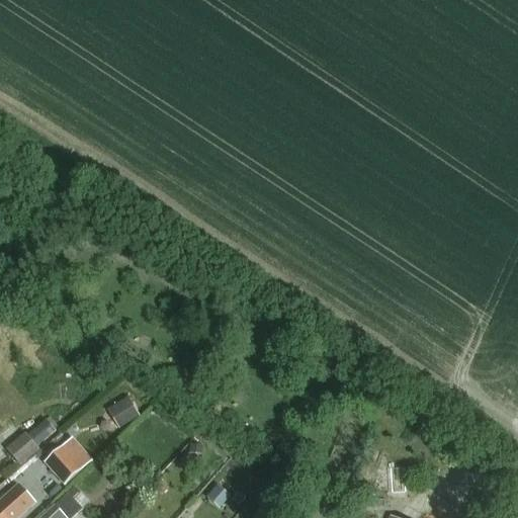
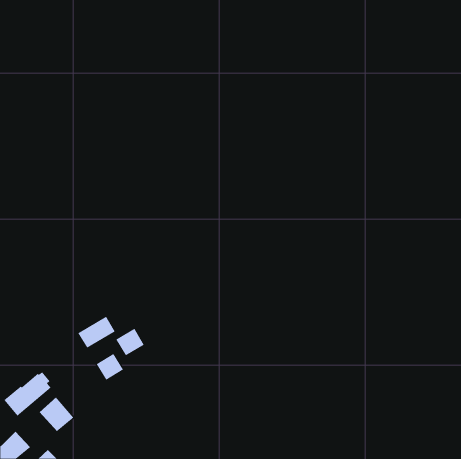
building: none -> [77,316,116,348]
building: none -> [115,328,145,356]

